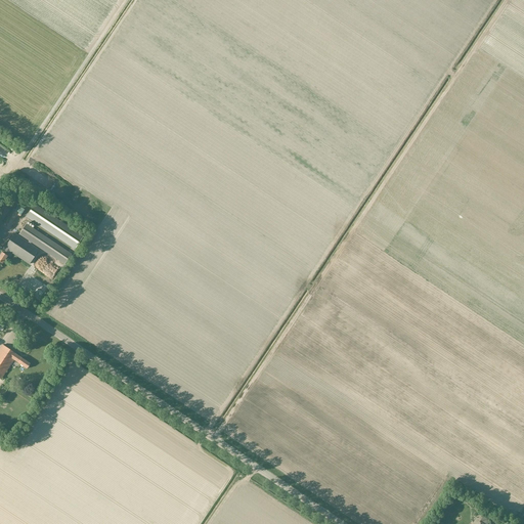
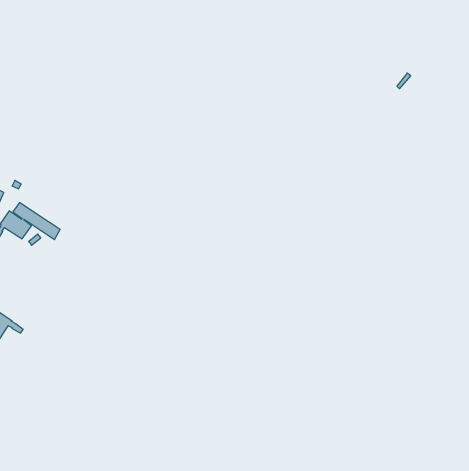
building: [21,207,78,252] -> none

